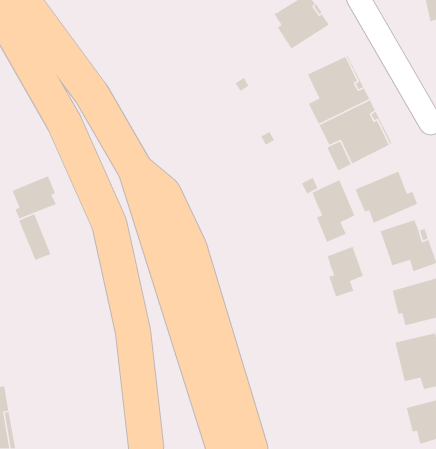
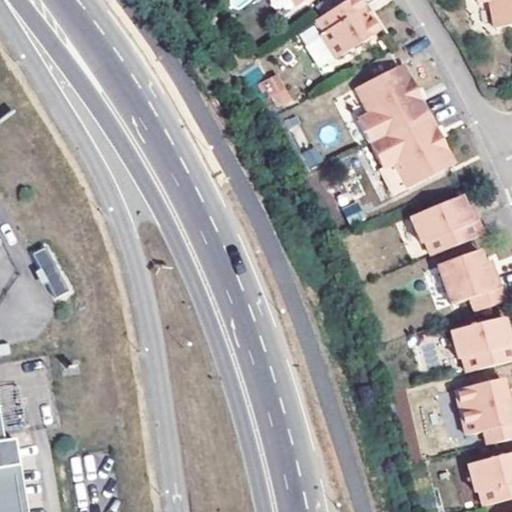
building: [11,175,57,219] -> none
building: [312,179,355,243] -> none
building: [327,246,364,298] -> none

